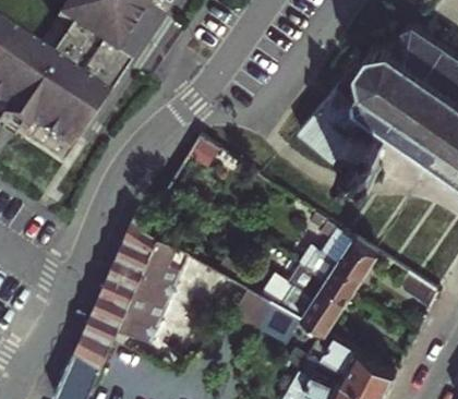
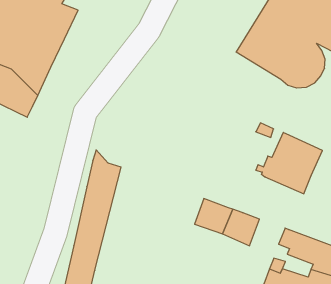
building: [111,235,189,352] -> none
building: [280,270,350,331] -> none

